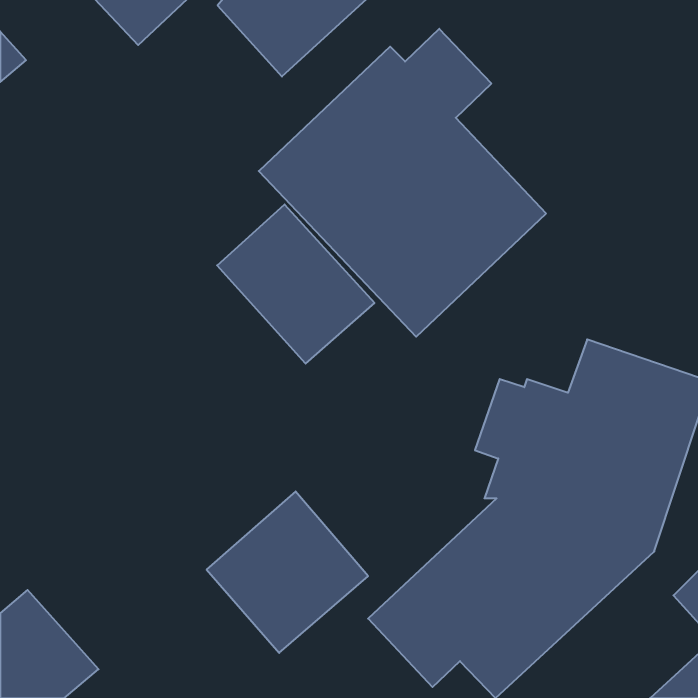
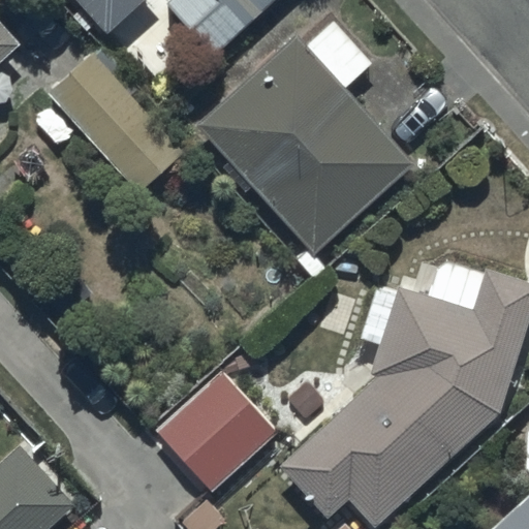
building: none -> [50,54,184,193]
building: [217,204,374,364] -> none

